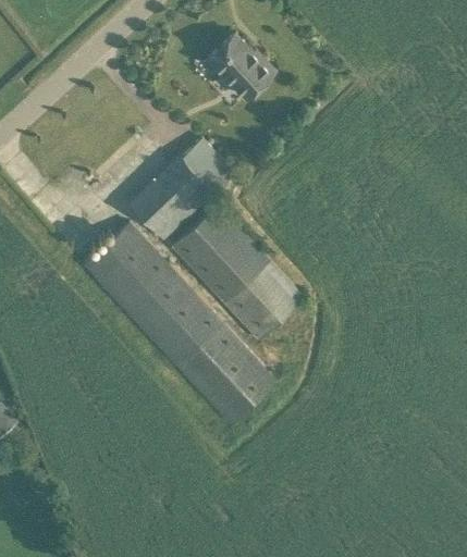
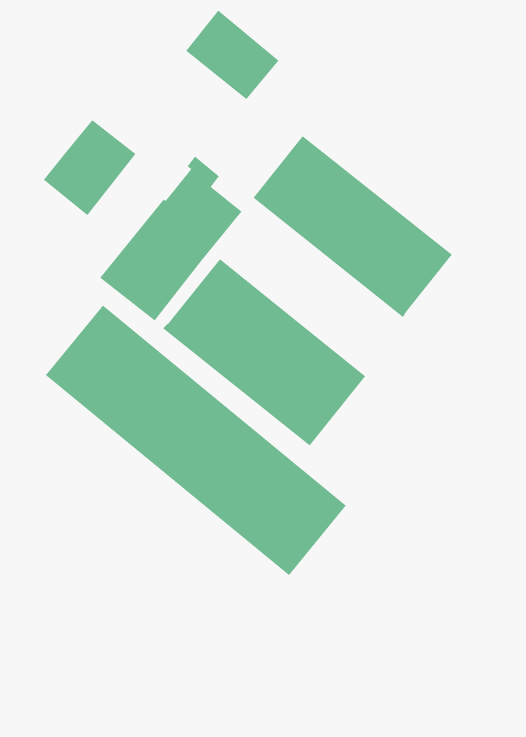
building: none -> [43,119,136,216]
building: none -> [253,135,453,318]

